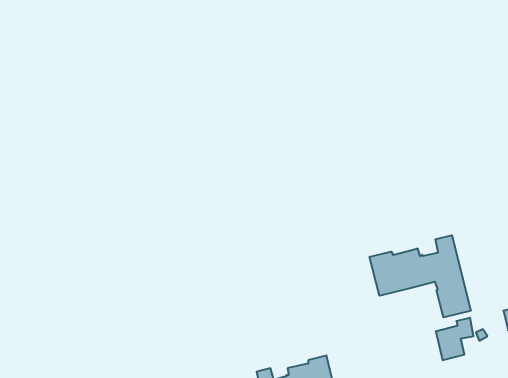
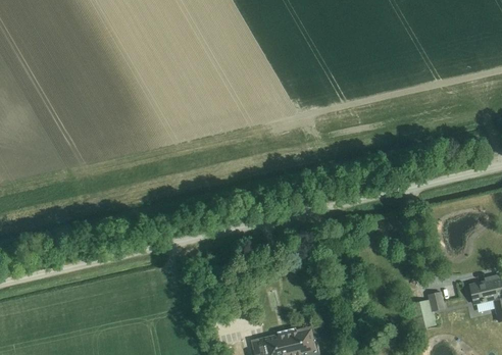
building: [370,235,471,317] -> none

